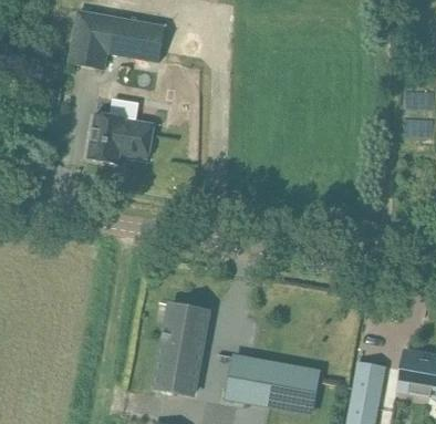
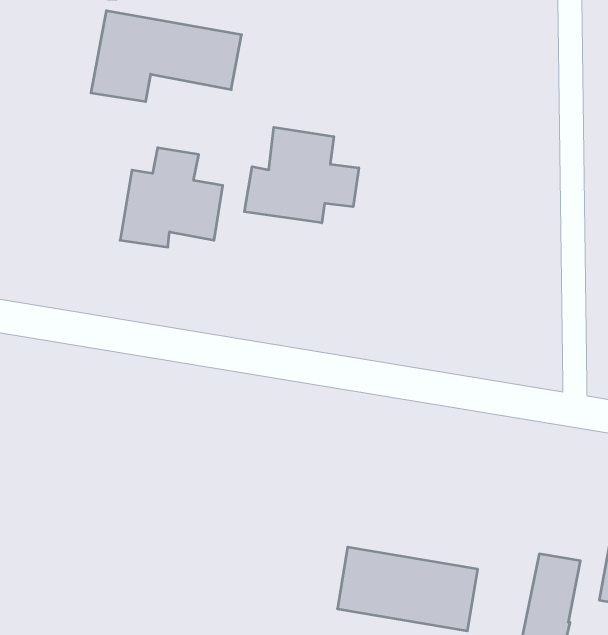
building: none -> [244,127,359,223]
building: [155,303,208,394] -> none

